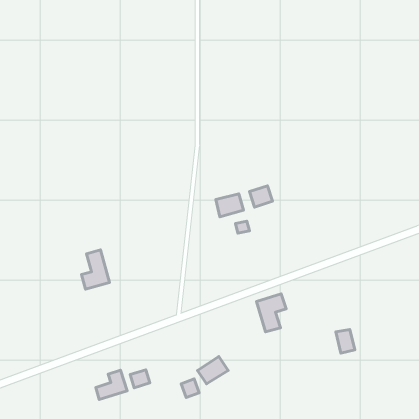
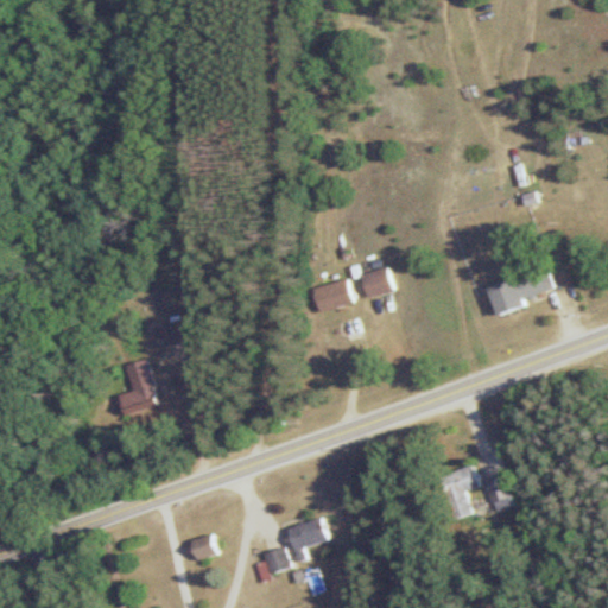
building: none -> [484,268,553,314]
building: [257,294,286,332] -> [437,466,480,520]
building: [96,370,127,400] -> none

